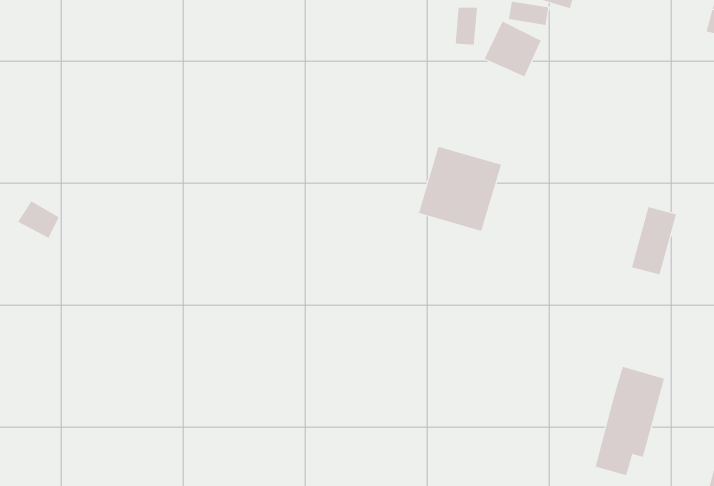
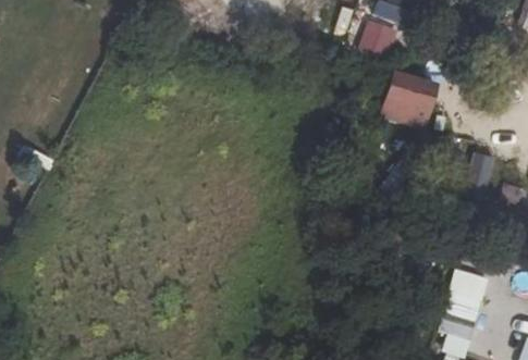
building: [418,146,502,232] -> [379,70,439,131]

